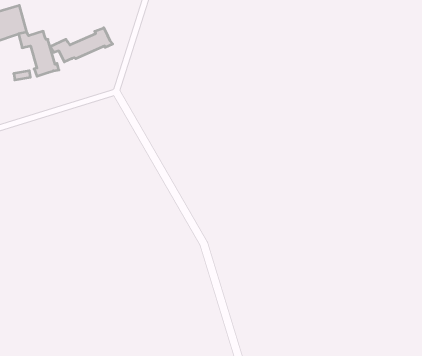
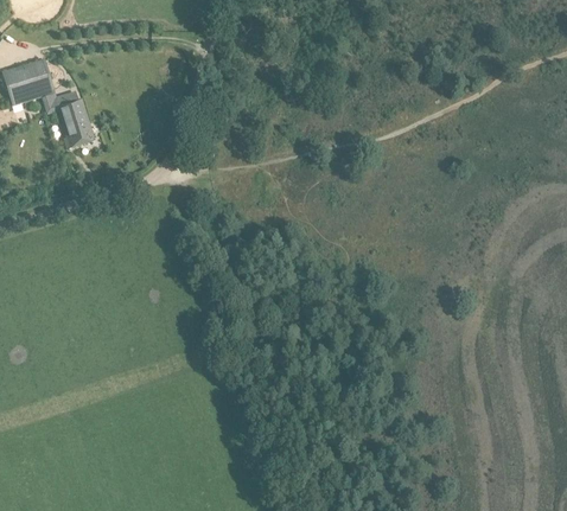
building: [50,28,113,62] -> none

